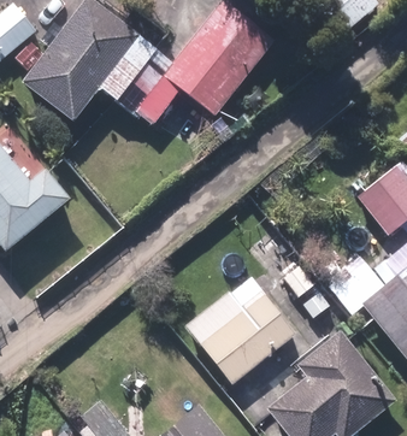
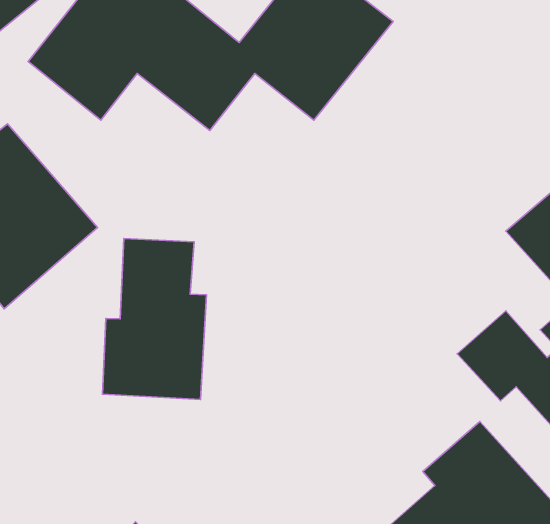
building: none -> [103,238,206,399]
building: [182,275,297,389] -> none

